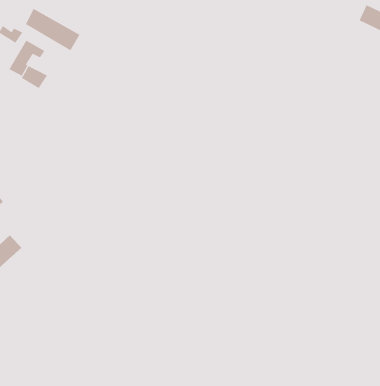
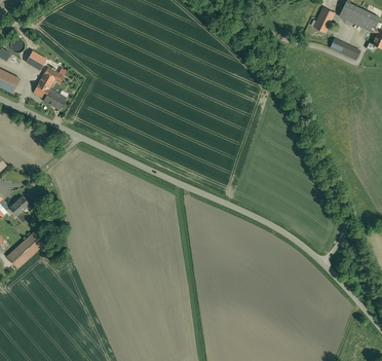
building: [25,8,80,51] -> none

